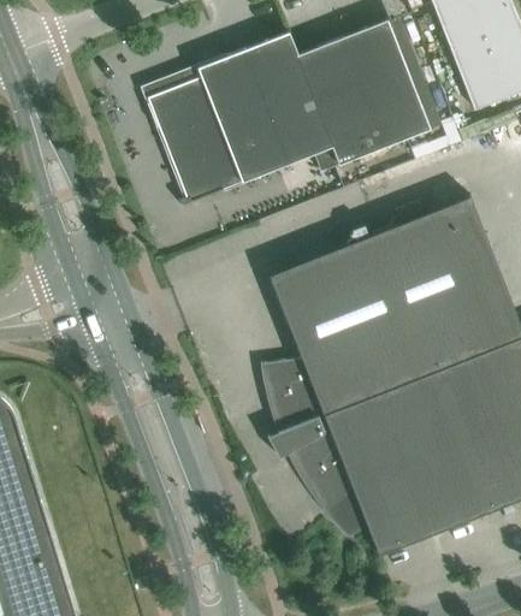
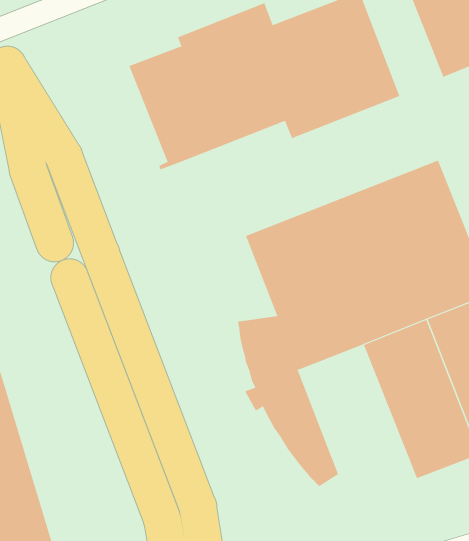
building: [324,387,446,555] -> none

